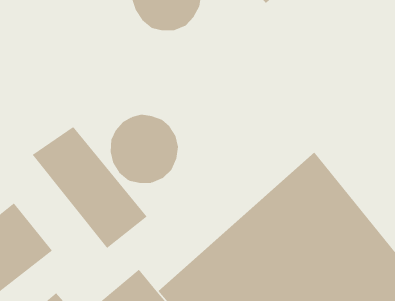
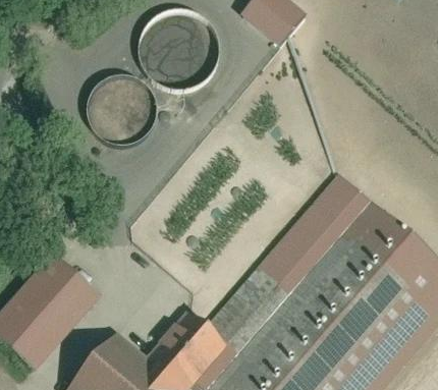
building: [110,114,179,184] -> [83,76,148,142]
building: [32,126,147,249] -> none

